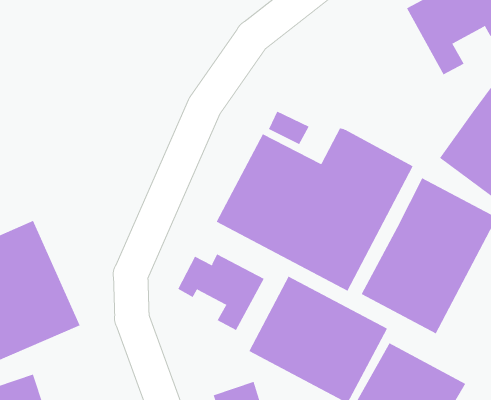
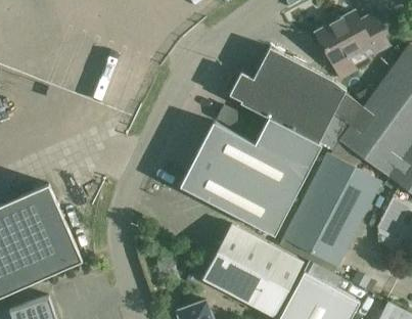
building: none -> [228,47,363,151]
building: [177,253,264,331] -> none

